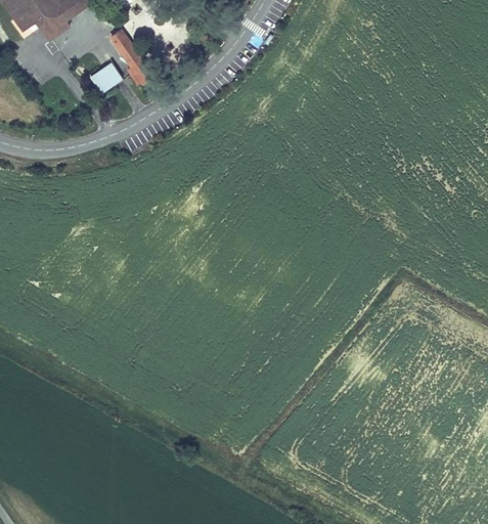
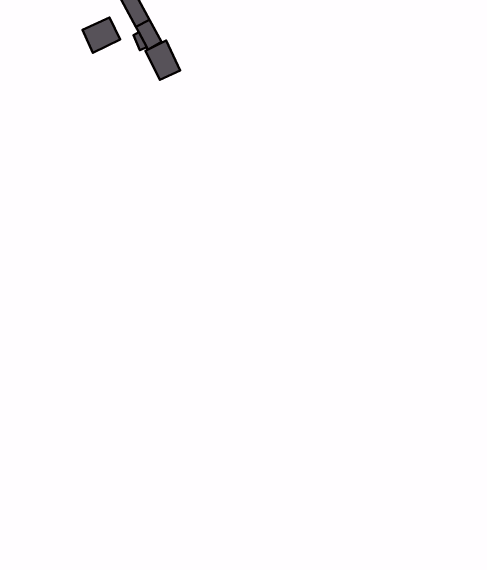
building: none -> [146,41,180,80]

